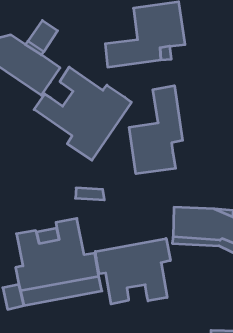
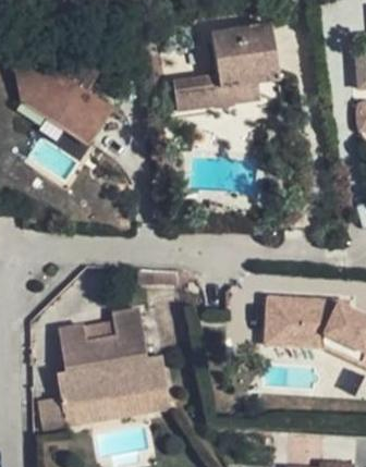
building: [34,67,131,160] -> none
building: [129,86,183,174] -> none
building: [95,238,170,304] -> none

